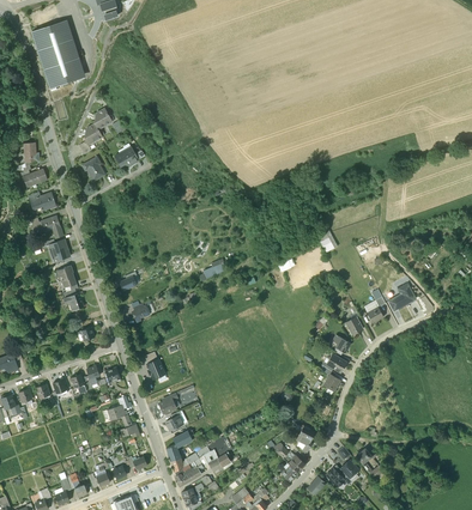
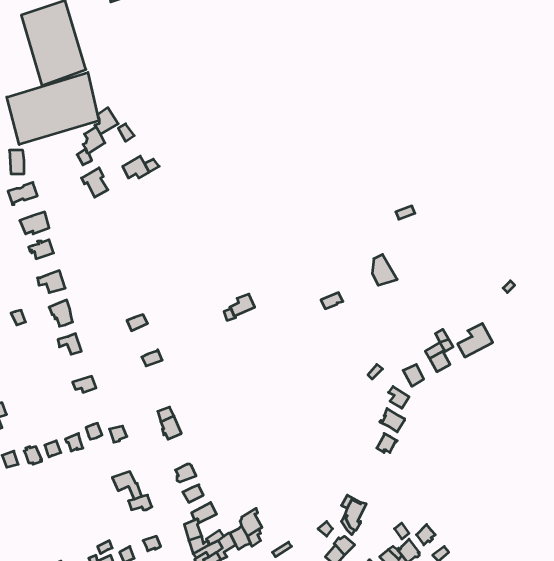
building: none -> [7,72,99,145]

